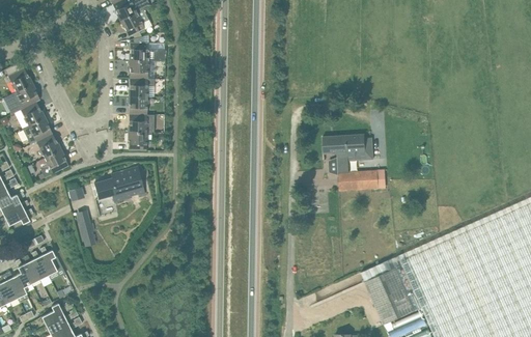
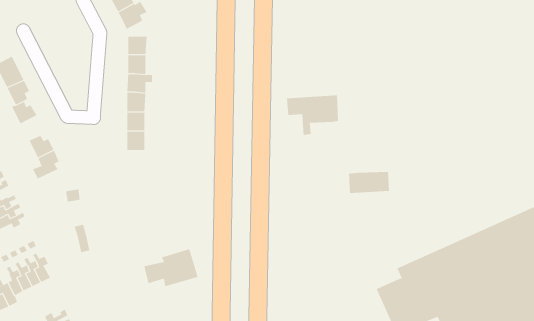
building: [22,118,50,145] -> none
building: [323,135,372,173] -> [286,95,339,135]
building: [93,167,145,203] -> [144,249,198,287]

